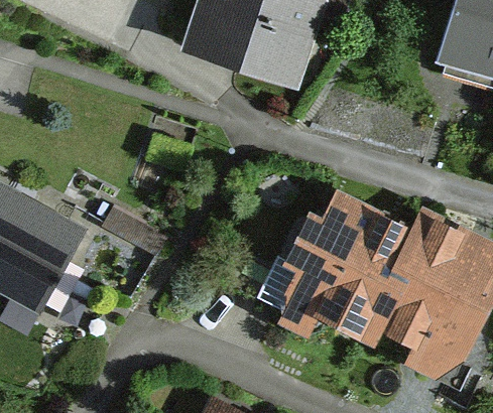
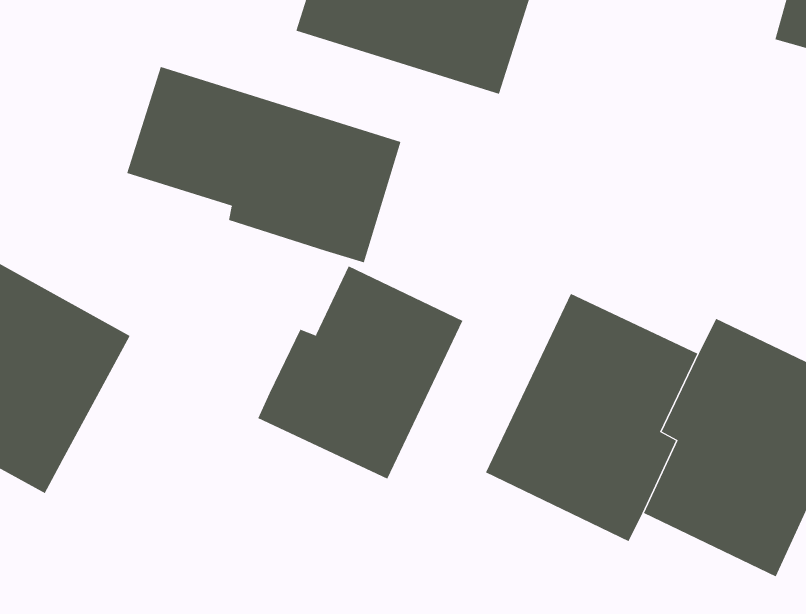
building: none -> [126,66,401,263]
building: none -> [258,265,463,480]

